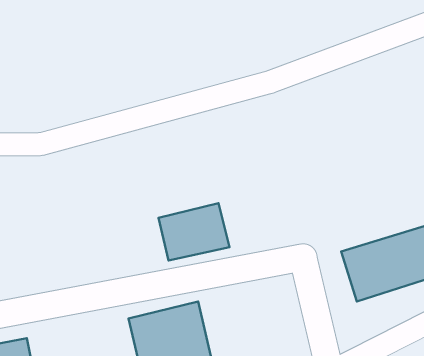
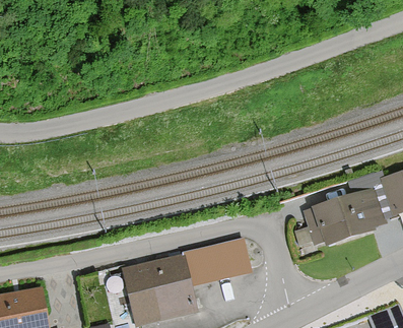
building: [159,203,229,261] -> [194,233,253,280]

